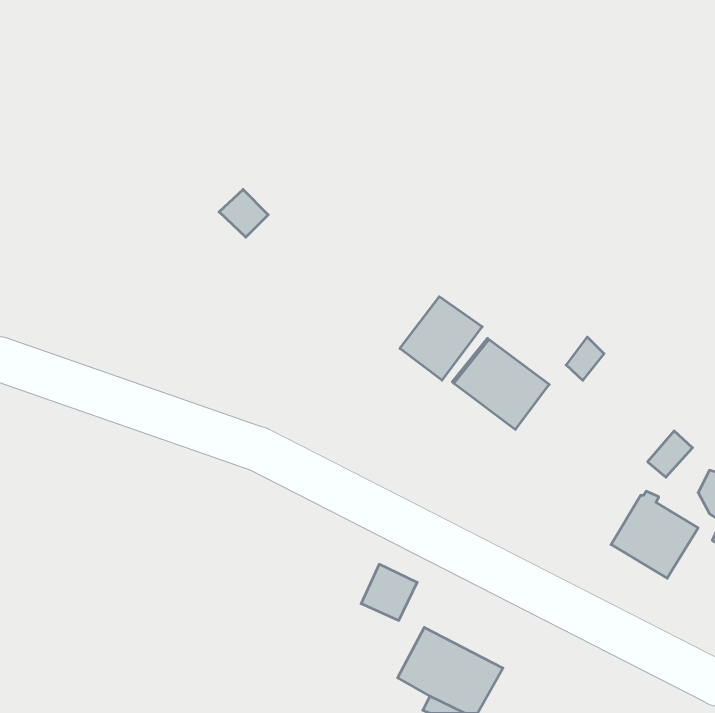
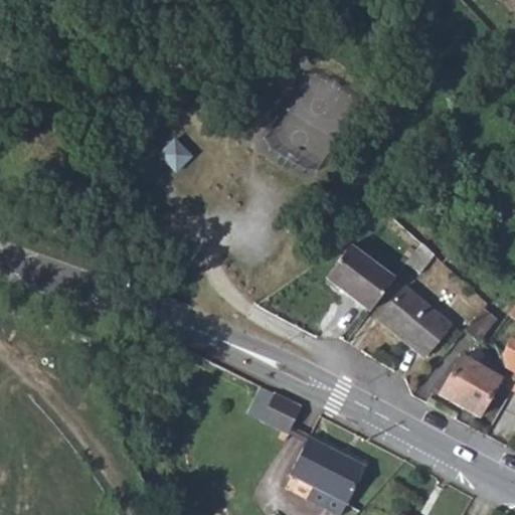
building: [400,297,482,380] -> none
building: none -> [380,285,450,353]

